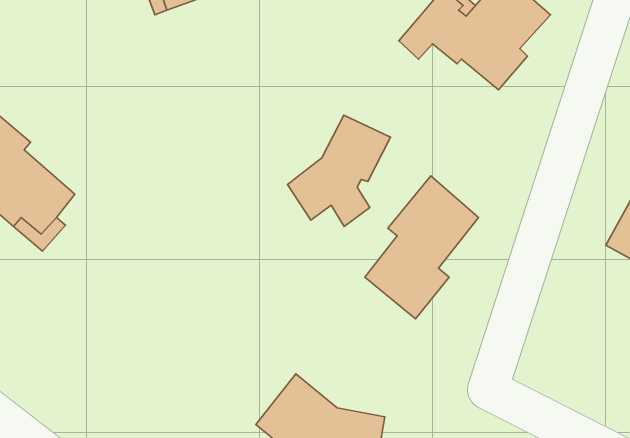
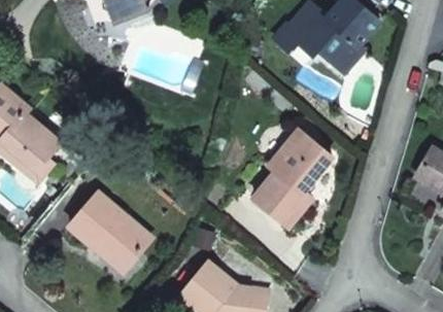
building: [288,115,391,227] -> none
building: none -> [68,192,150,266]

